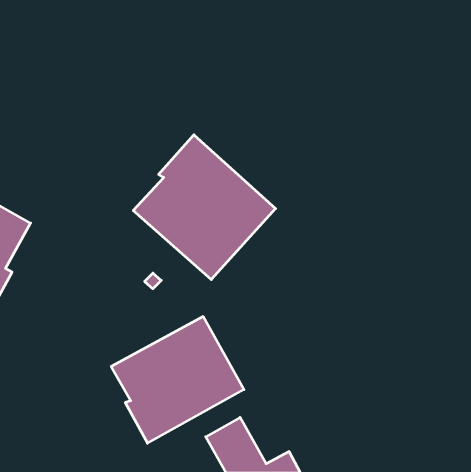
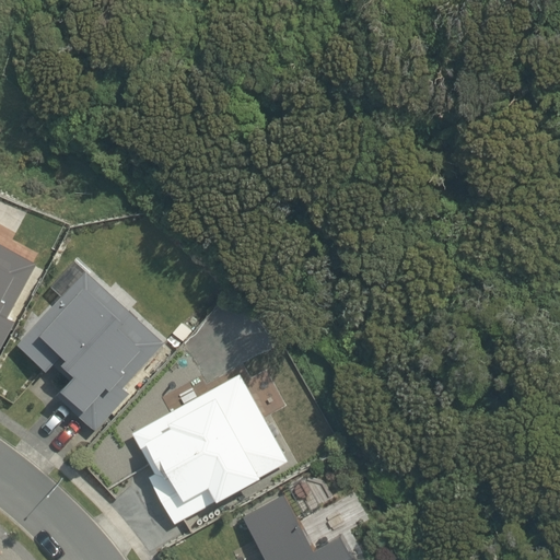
building: [133,135,276,280] -> none
building: none -> [18,271,164,432]

